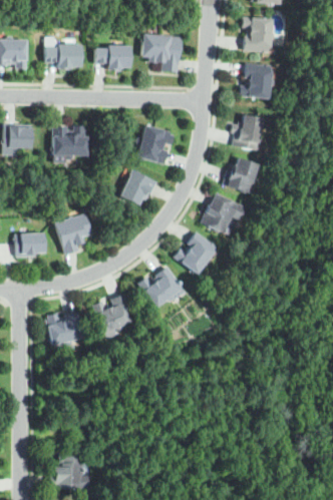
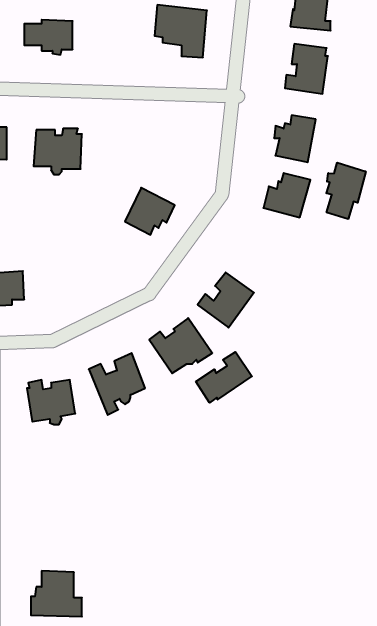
building: [95,45,130,72] -> none
building: [135,124,174,164] -> none
building: none -> [326,163,366,219]
building: [203,193,246,232] -> none
building: [55,213,92,255] -> none
building: none -> [196,352,252,403]

